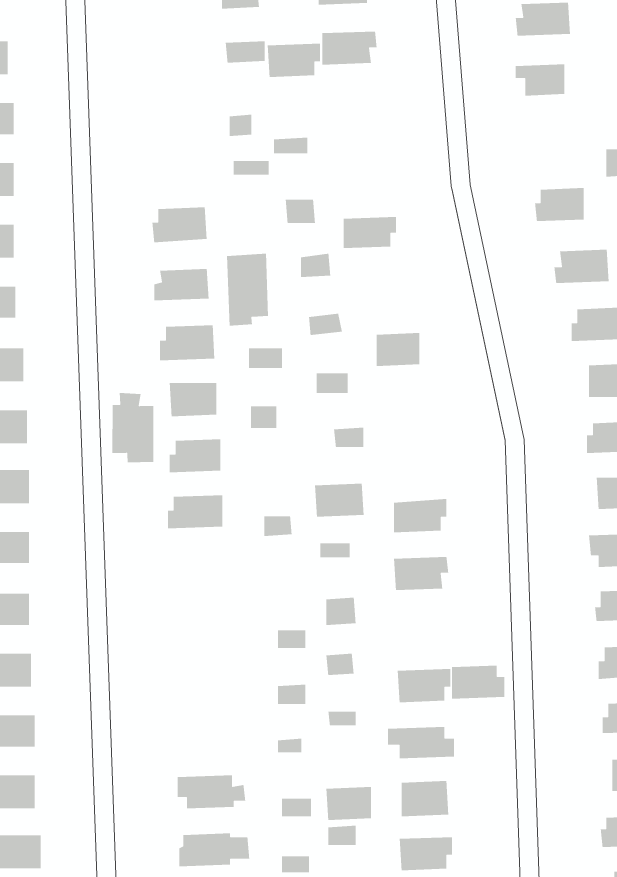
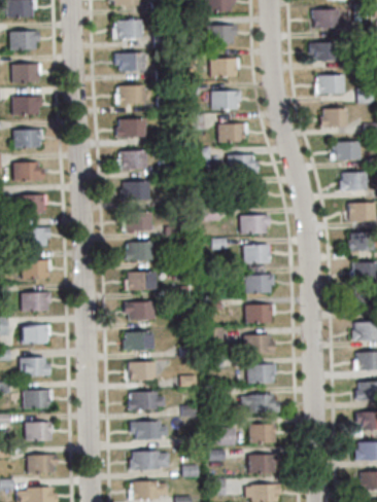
building: none -> [113,21,142,38]
building: [267,43,321,78] -> [210,58,239,76]
building: none -> [115,52,145,71]
building: none -> [318,74,345,93]
building: none -> [119,85,145,103]
building: none -> [211,91,241,108]
building: [226,253,269,327] -> none
building: none -> [228,154,258,173]
building: none -> [240,215,269,234]
building: [112,392,154,463] -> none
building: [314,483,365,518] -> [243,245,270,263]
building: none -> [125,301,155,320]
building: none -> [123,331,156,351]
building: none -> [129,361,156,381]
building: [451,665,505,699] -> [245,334,274,353]
building: none -> [128,391,164,410]

